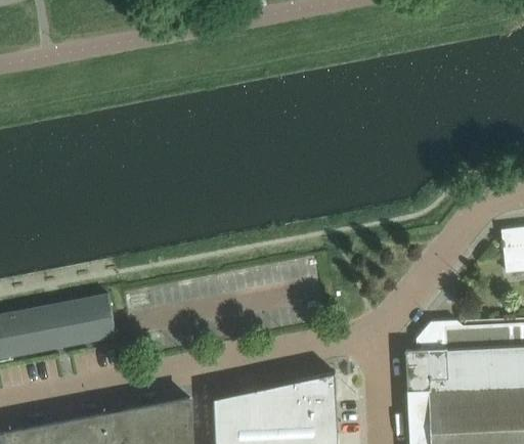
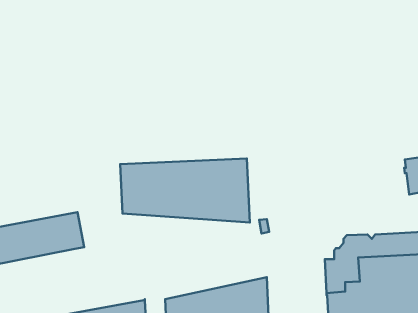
building: none -> [120,158,250,223]

